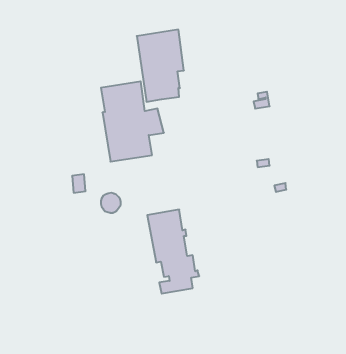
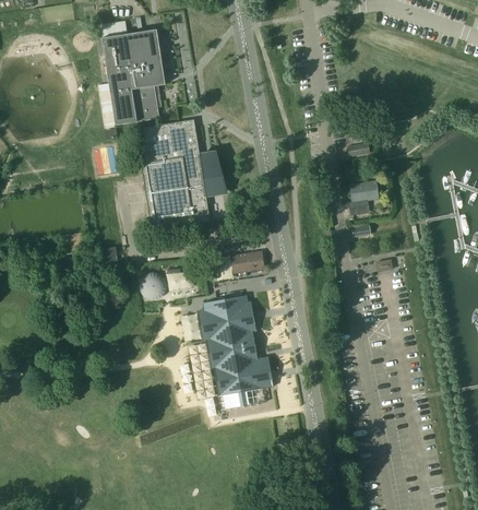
building: [137,30,184,102] -> [101,26,166,124]
building: none -> [347,180,377,215]
building: none -> [231,251,262,271]

